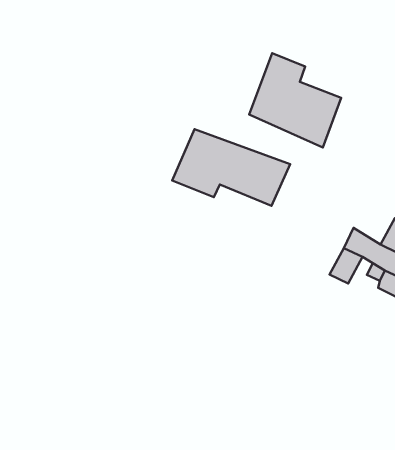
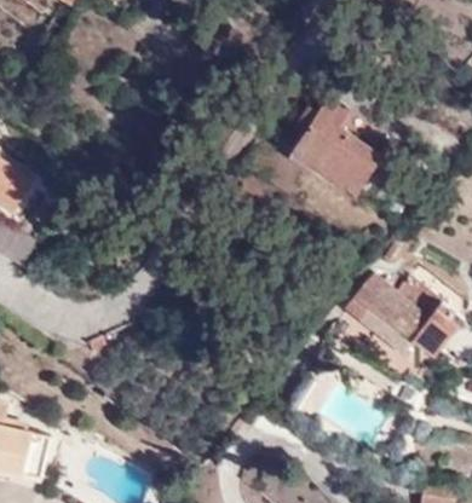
building: [172,129,290,206] -> none

